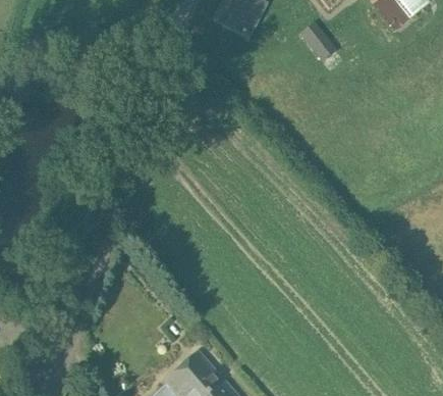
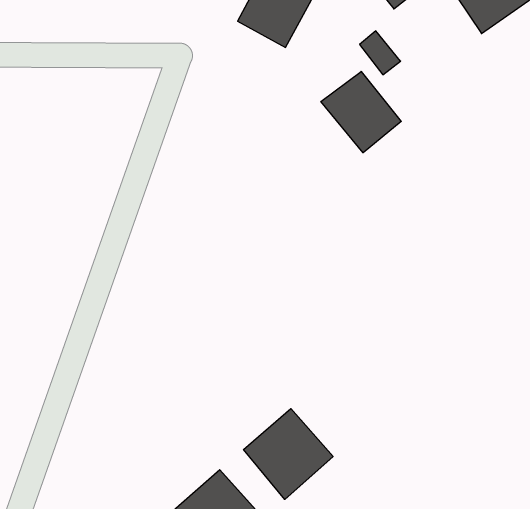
building: none -> [321,71,401,153]
building: none -> [244,409,333,499]

